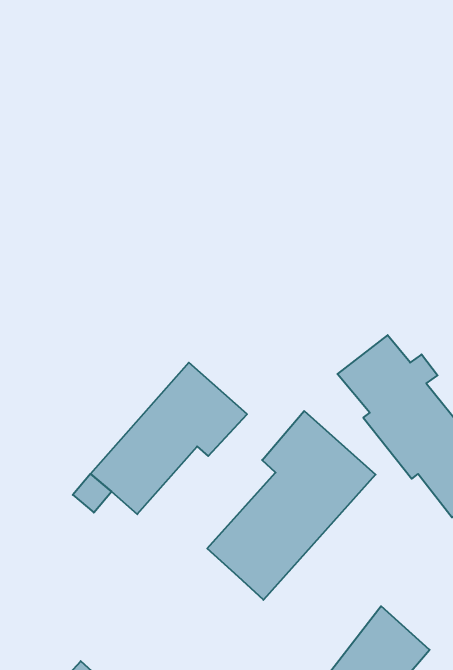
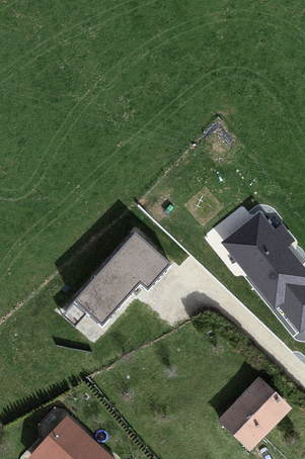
building: [207,411,376,600] -> none

